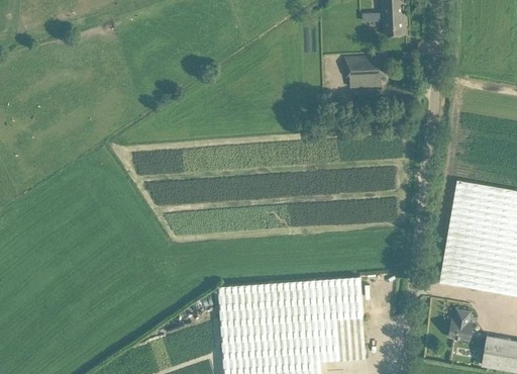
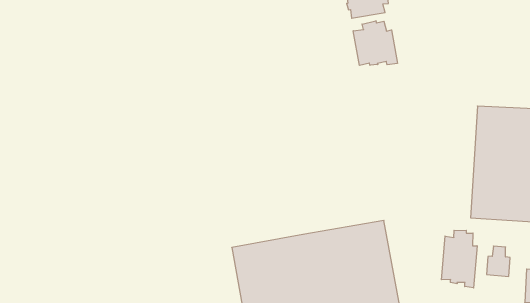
building: none -> [353,21,397,65]
building: none -> [442,230,477,288]

